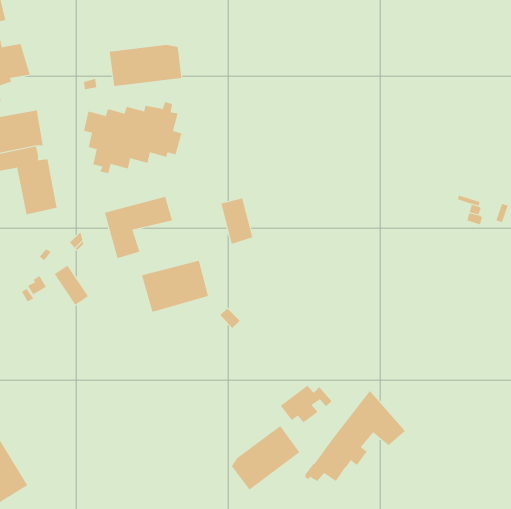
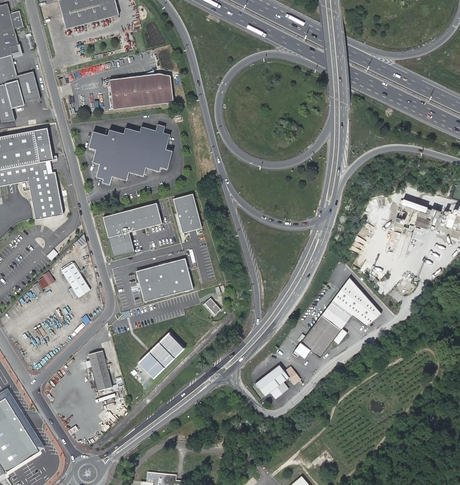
building: [221,198,253,244] -> [174,193,202,233]
building: none -> [138,331,187,379]
building: none -> [89,350,112,390]
building: [305,390,406,482] -> [293,279,380,358]
building: [231,425,300,490] -> none

